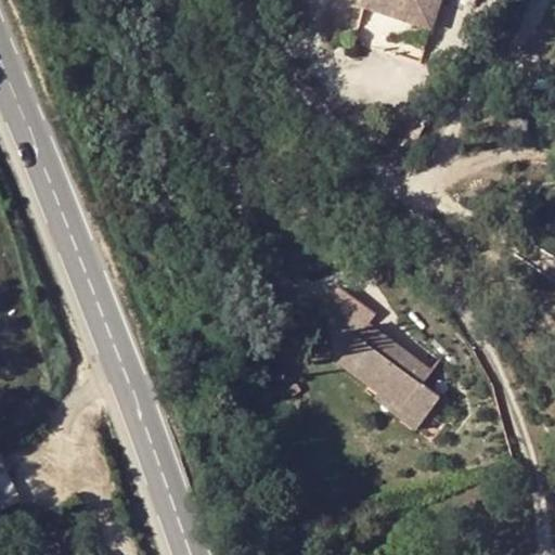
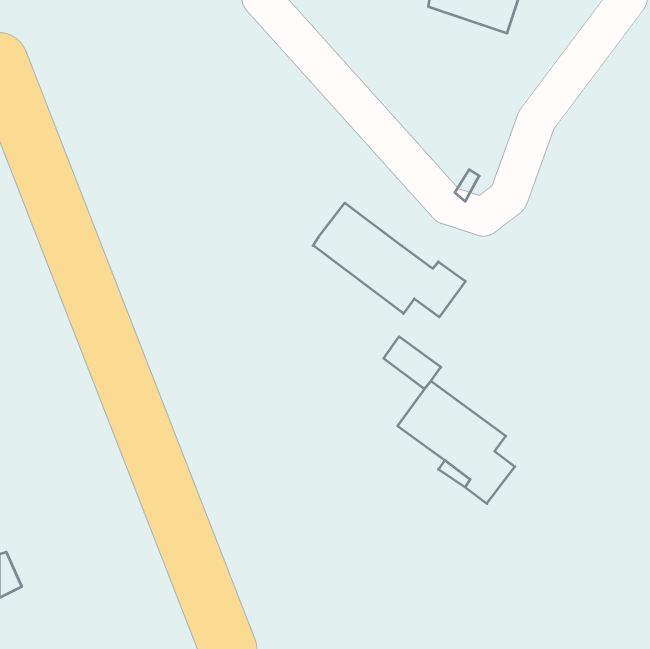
building: none -> [313,203,465,317]

